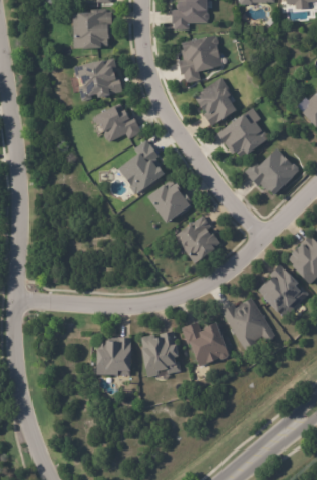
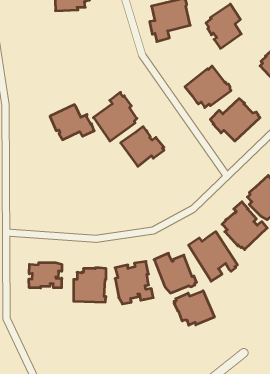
building: [73,58,123,101] -> none
building: [195,76,235,126] -> [206,4,241,48]
building: [91,103,141,142] -> [50,105,94,140]
building: [175,215,219,263] -> none
building: none -> [29,263,62,288]
building: none -> [174,291,214,325]

